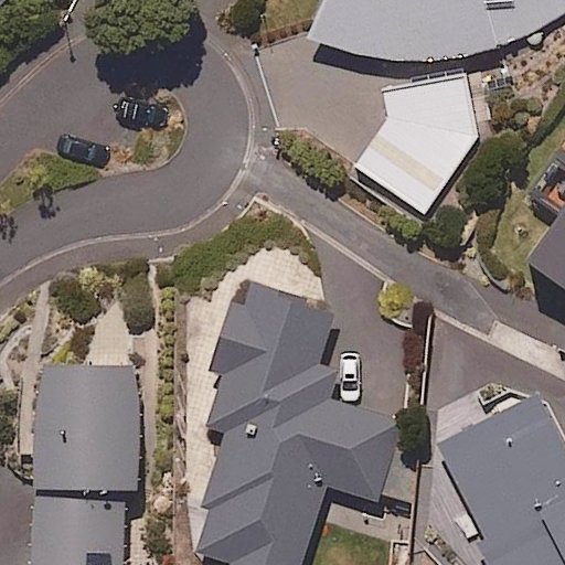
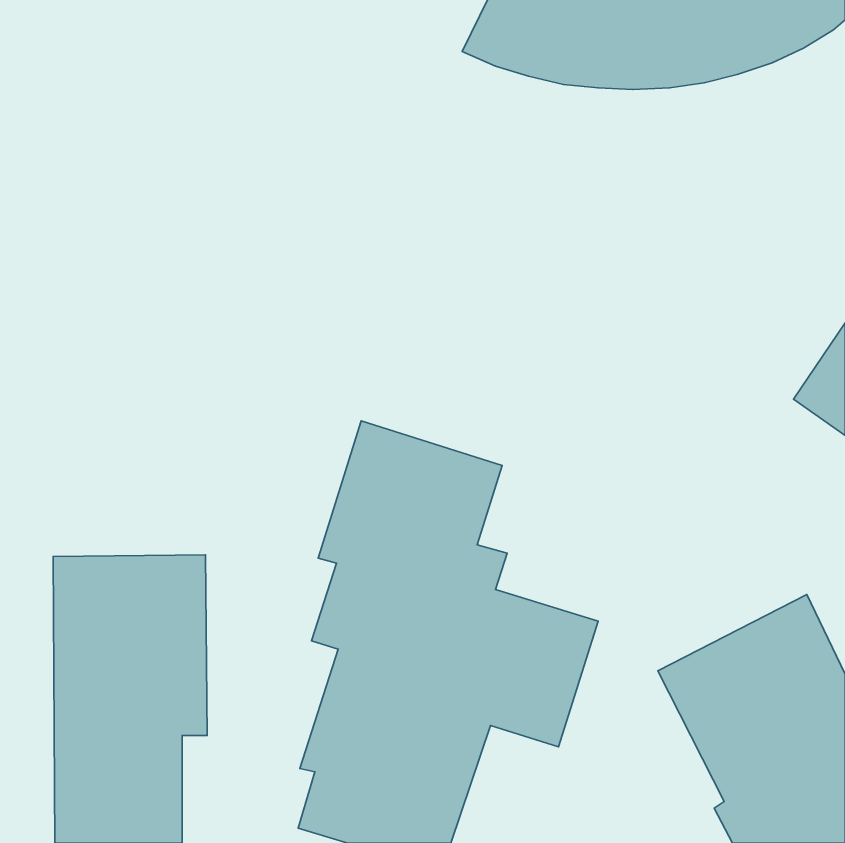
building: [354,74,477,214] -> none

